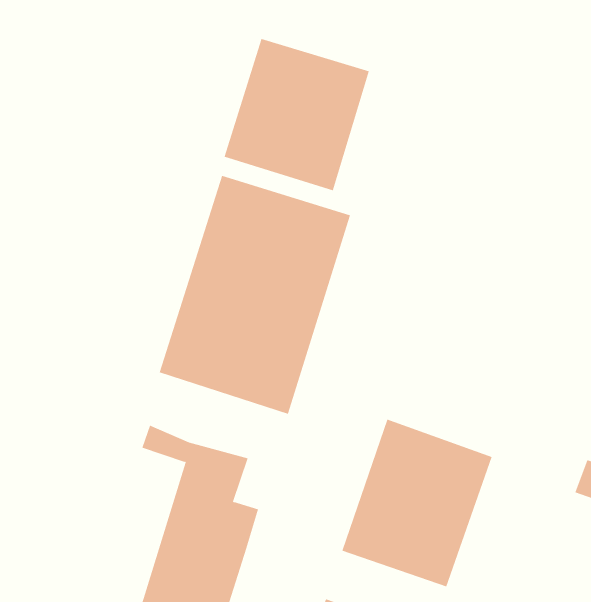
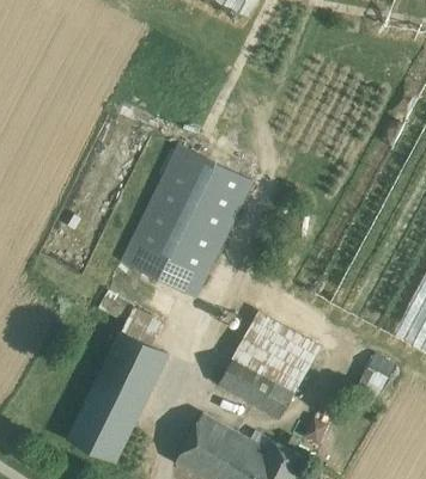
building: [224,38,369,191] -> none

